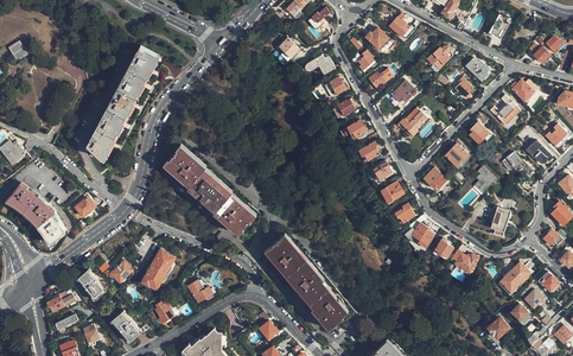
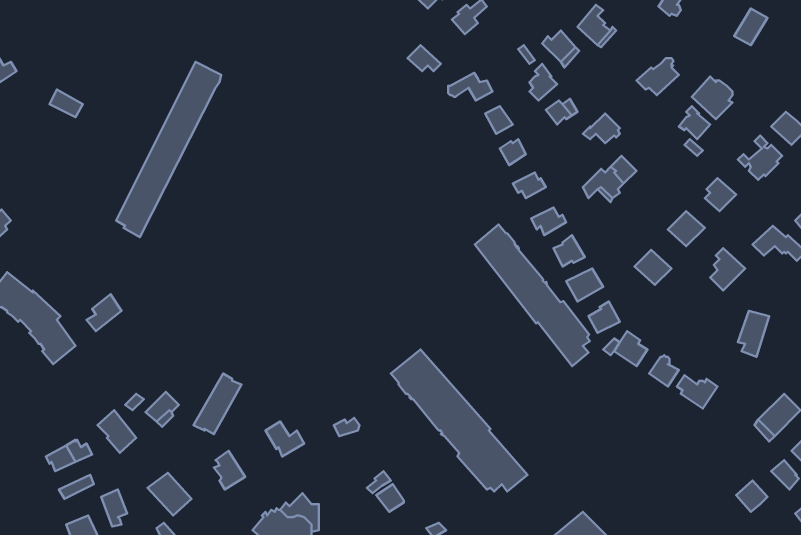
building: [165,142,260,234] -> none
building: none -> [475,225,590,366]

